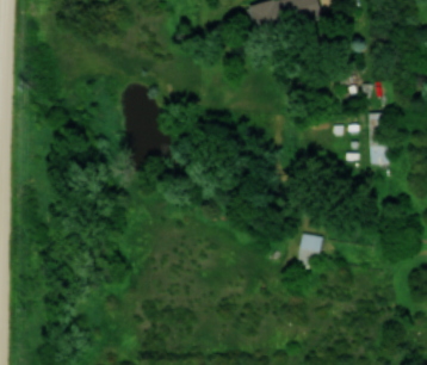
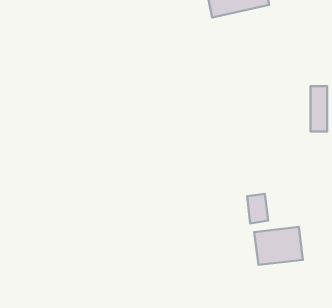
building: none -> [254,227,303,265]

